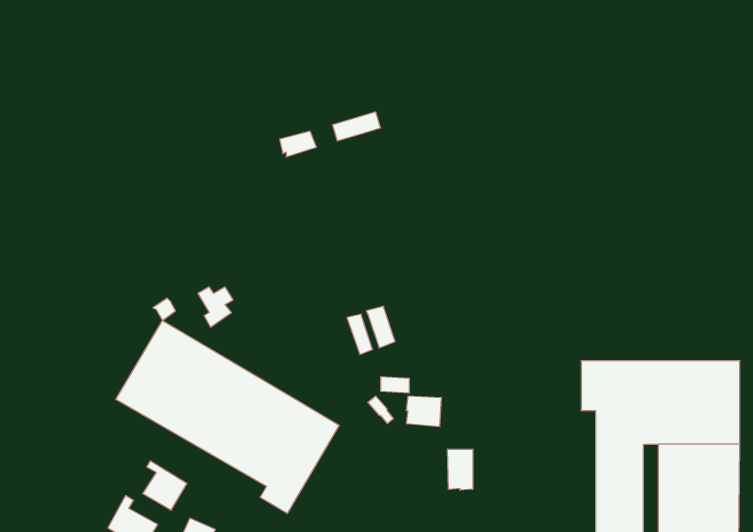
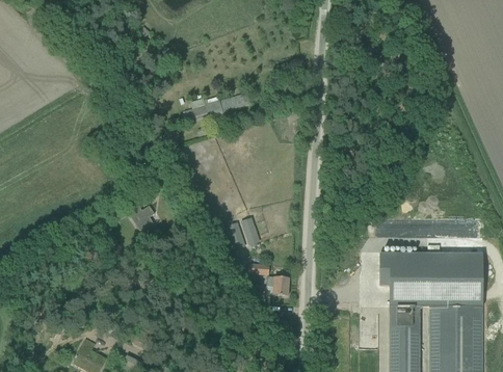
building: [116,321,339,513] -> none
building: [447,449,473,490] -> none
building: [143,461,187,510] -> none

